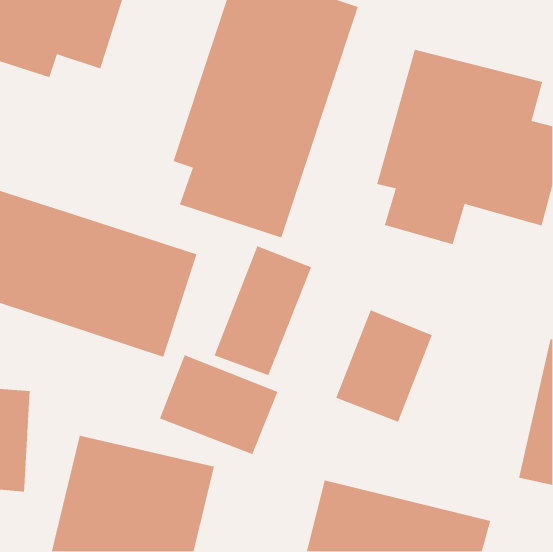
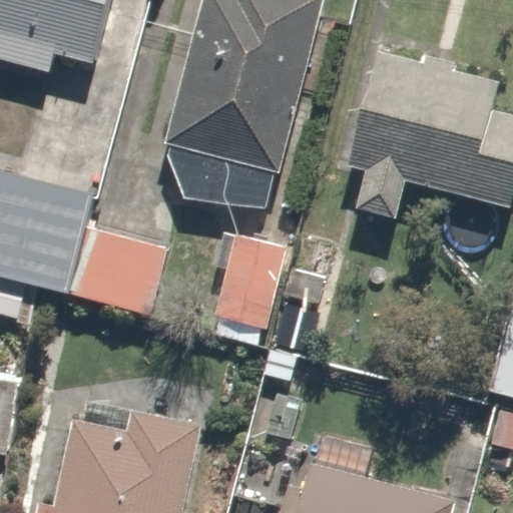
building: [335,309,433,423] -> none
building: [159,354,279,455] -> none

